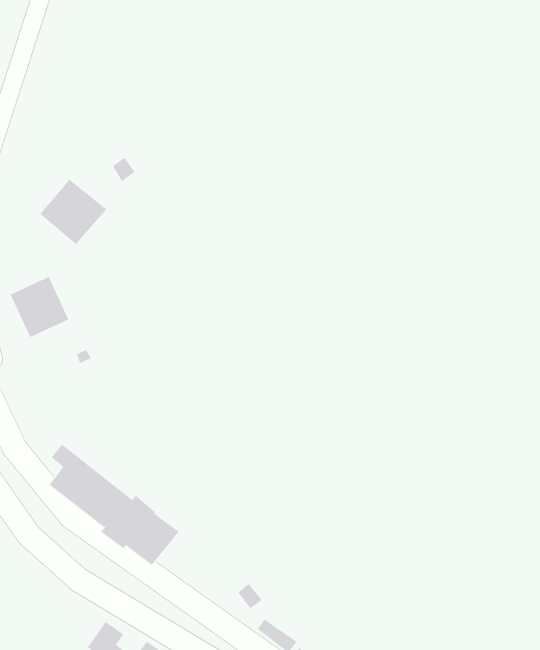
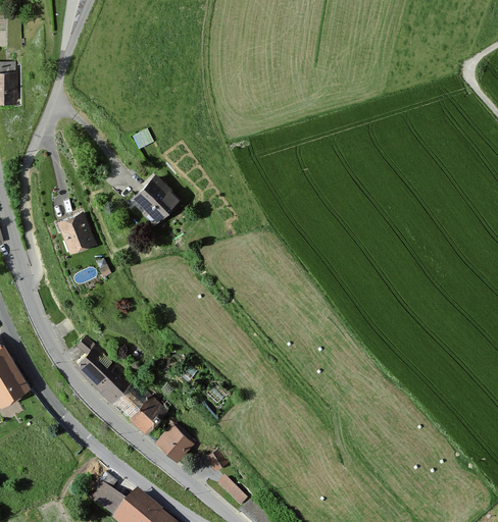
building: [39,179,107,245] -> [131,174,182,224]
building: none -> [154,423,196,465]

